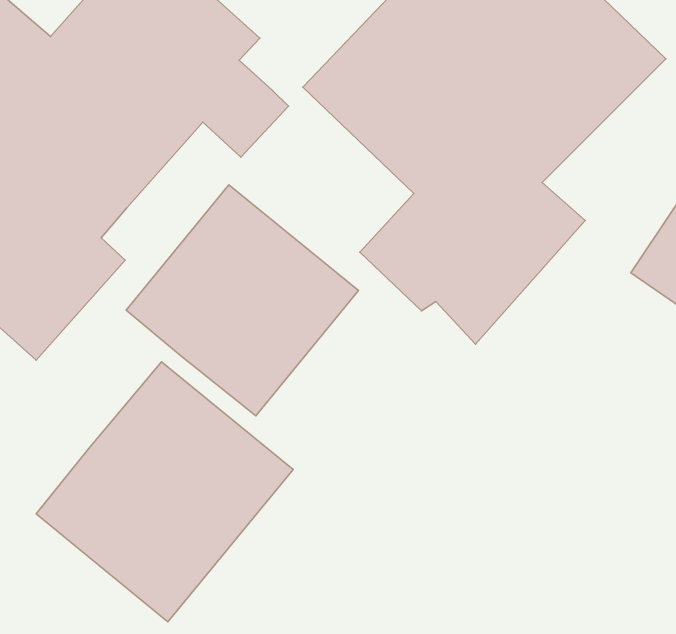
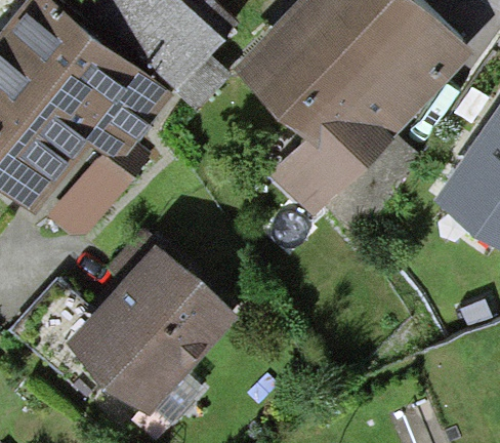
building: [126,185,358,416] -> none

